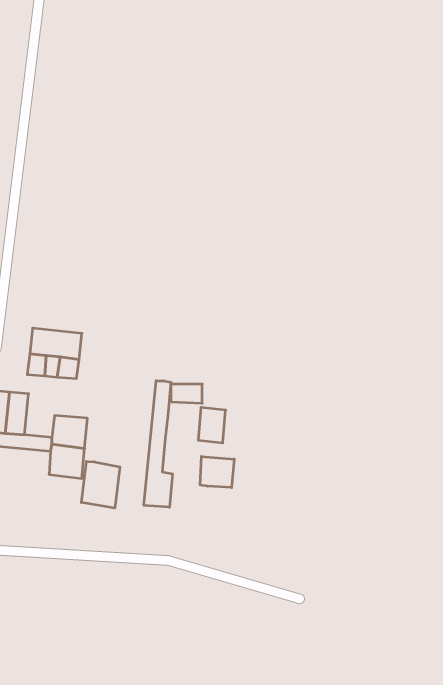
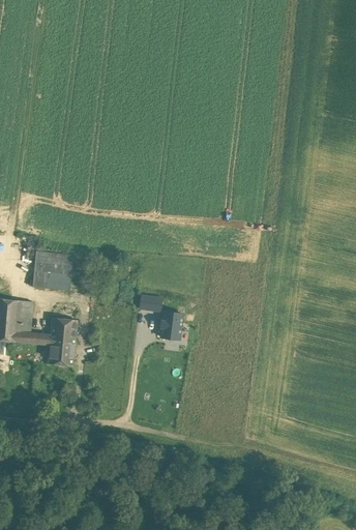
building: [144,381,173,507] -> none
building: [200,456,234,488] -> none
building: [81,461,120,508] -> none

